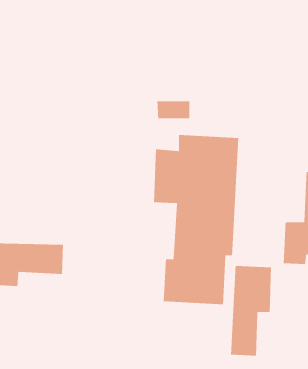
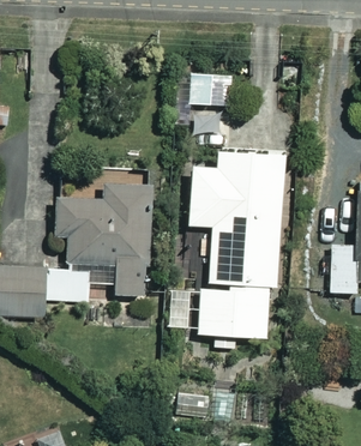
building: none -> [55,183,150,295]
building: [230,265,272,356] -> none

